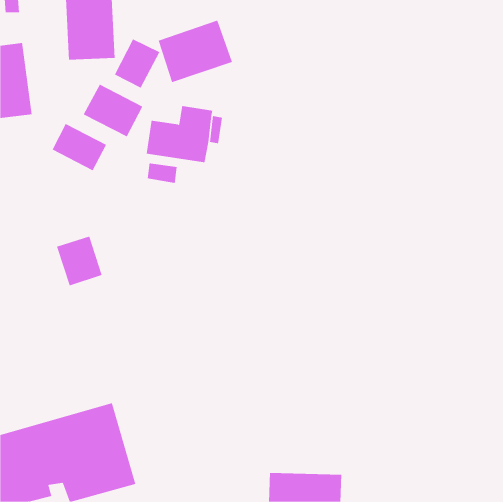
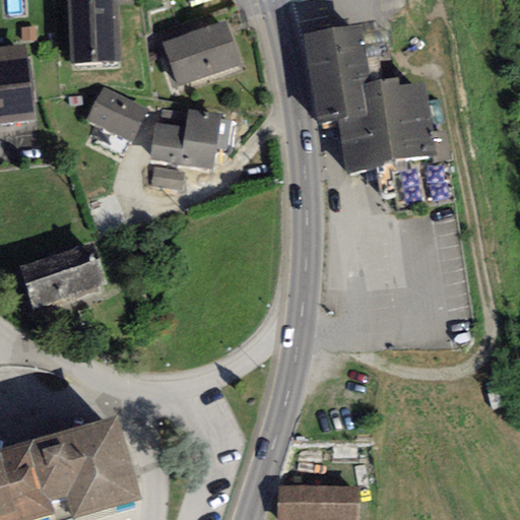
building: none -> [302,23,438,176]
building: [114,38,160,89] -> none
building: [52,123,107,171] -> none
building: none -> [20,254,71,307]

